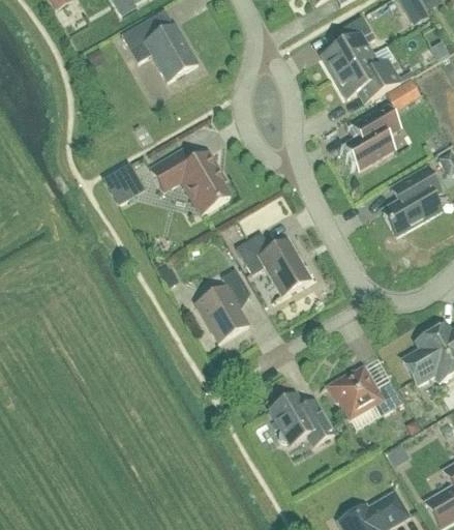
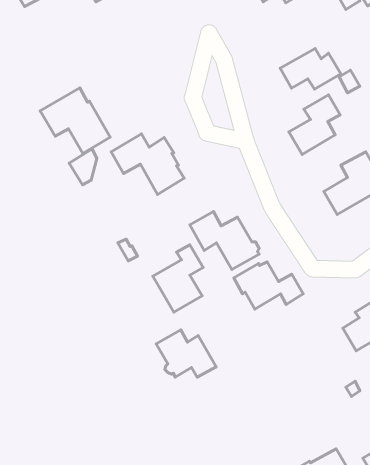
building: [121,9,198,81] -> [40,88,110,153]
building: [322,16,374,76] -> none
building: [327,366,402,418] -> [234,262,303,309]
building: [269,392,334,444] -> [156,330,216,377]

